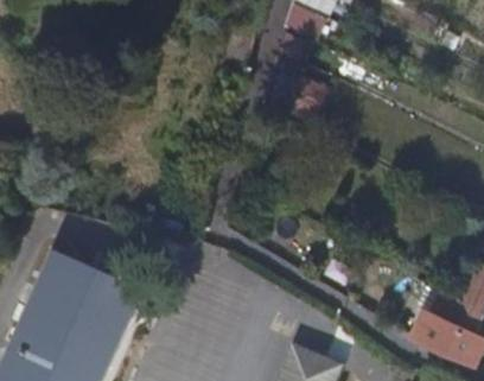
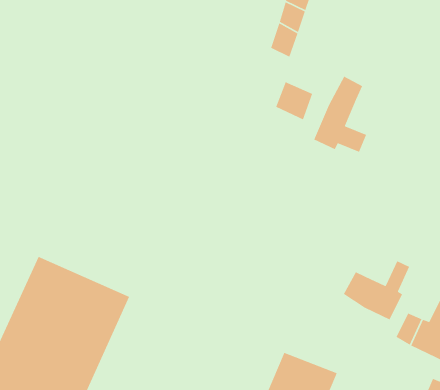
building: none -> [313,75,367,153]
building: none -> [343,260,410,321]

